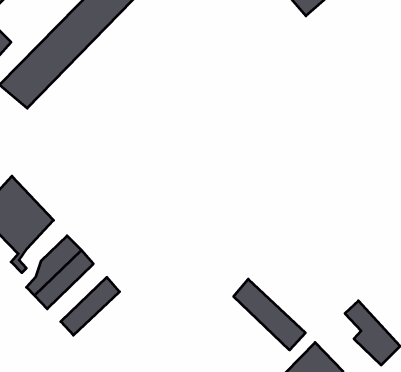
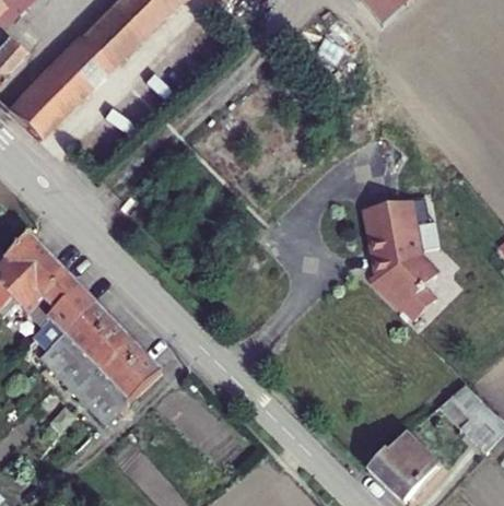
building: none -> [367,199,438,309]
building: none -> [30,278,91,358]
building: none -> [67,330,139,400]
building: [234,279,305,350] -> none

